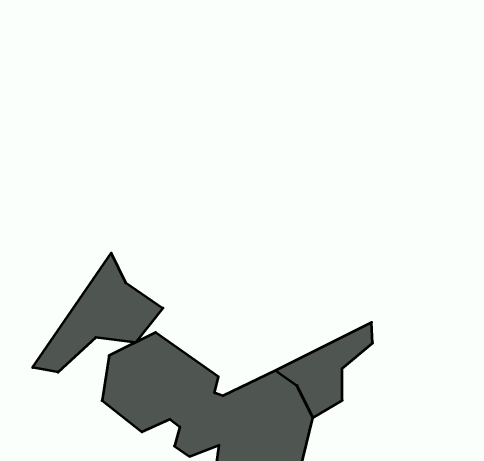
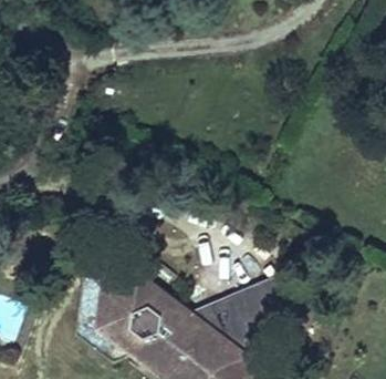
building: [33,253,163,372] -> none

